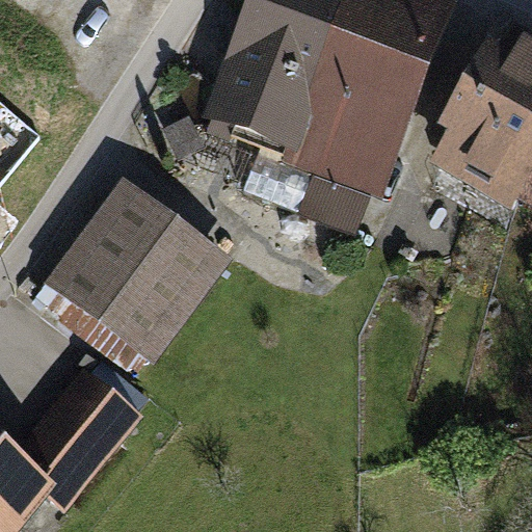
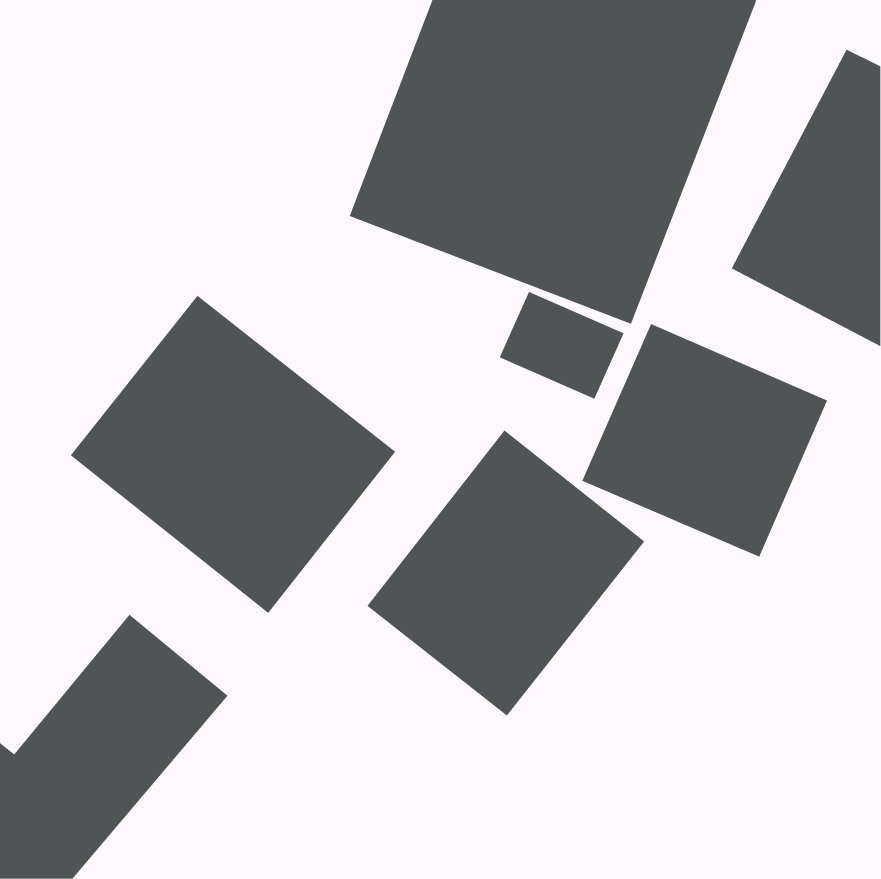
building: none -> [582,323,828,558]
building: none -> [366,429,645,716]

